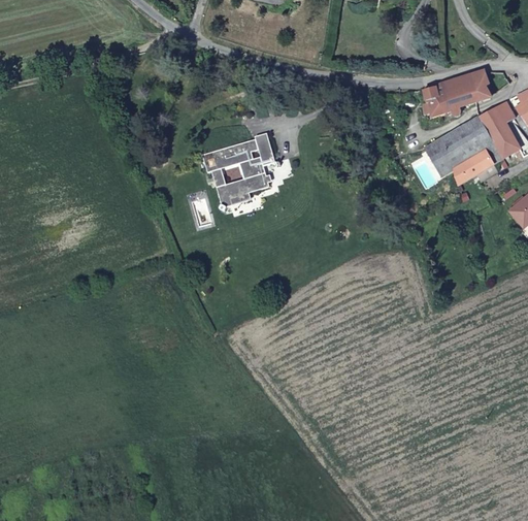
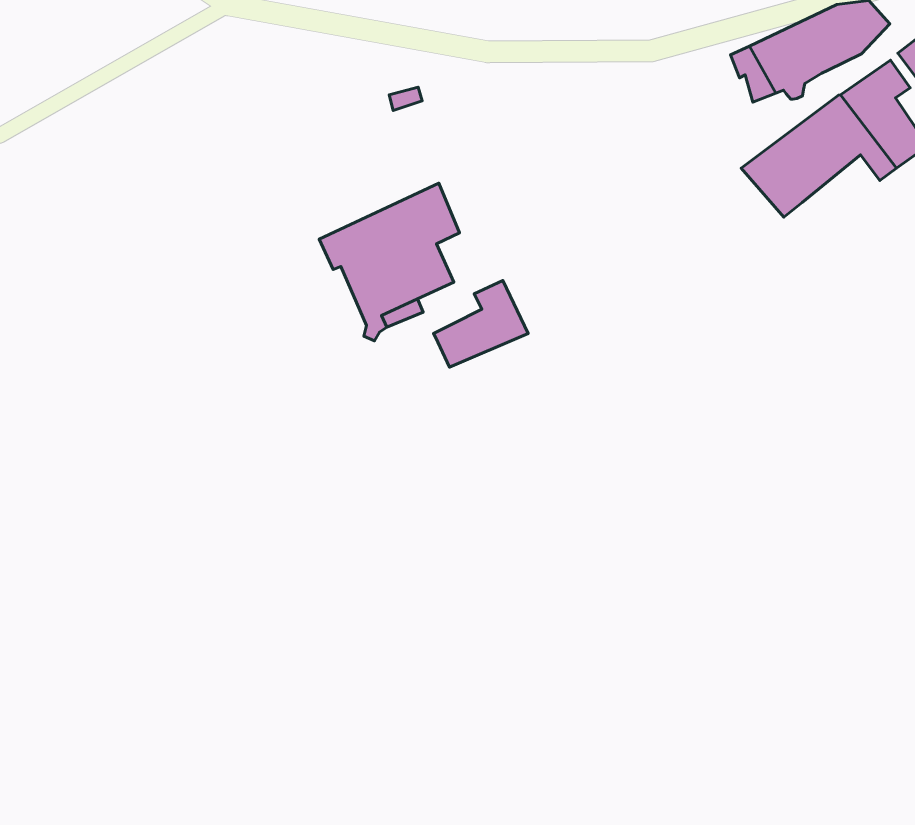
building: [452,149,493,184] -> none
building: none -> [434,280,528,367]

